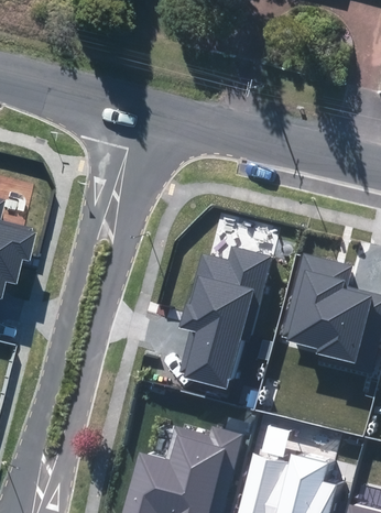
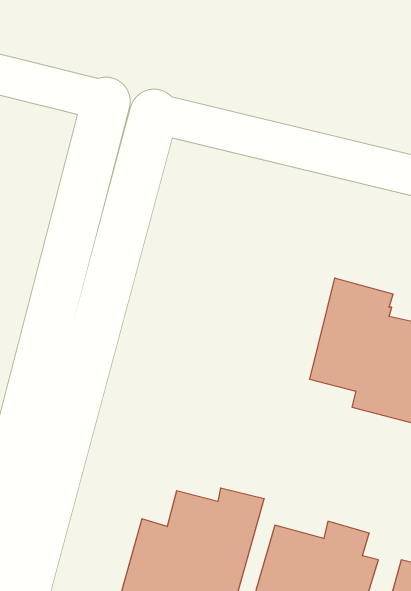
building: [178,249,269,392] -> none

